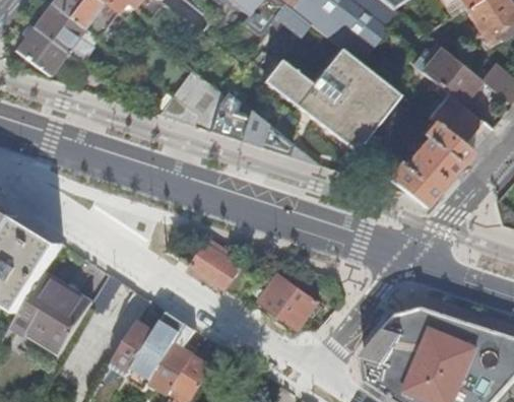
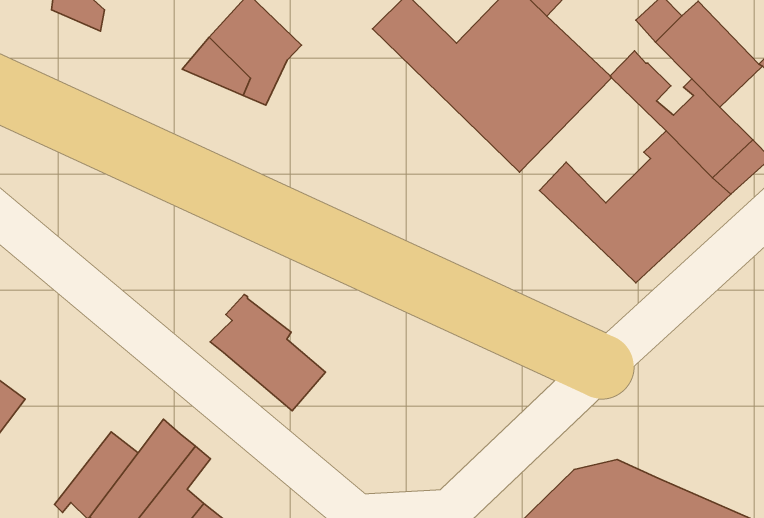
building: [206,88,318,164] -> none
building: [261,272,321,326] -> none

